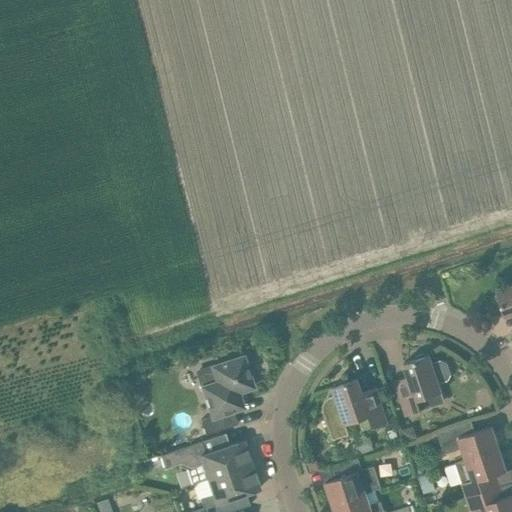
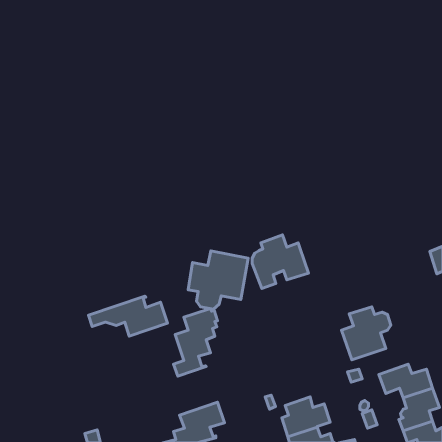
building: none -> [188,251,248,309]
building: [323,379,388,441] -> [252,235,309,289]
building: [161,434,252,480] -> [89,296,167,336]

